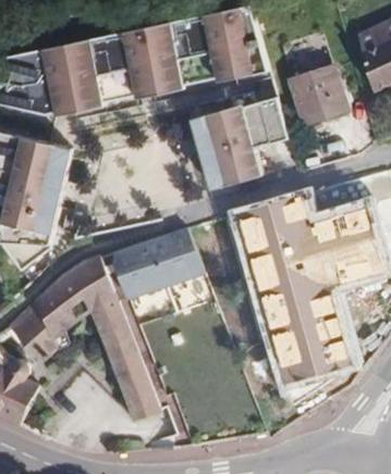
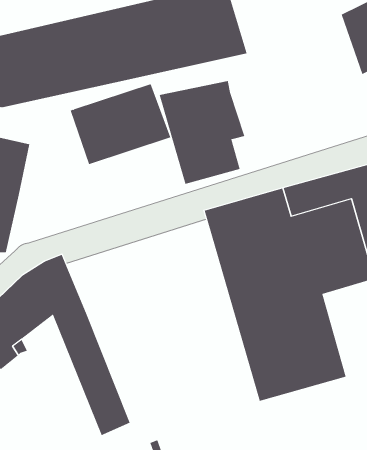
building: [290,64,346,122] -> none
building: [254,98,290,145] -> none
building: [111,224,205,299] -> [70,83,171,165]

